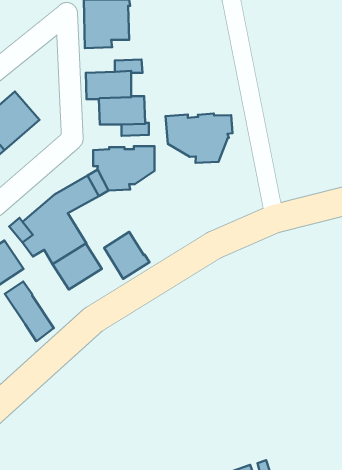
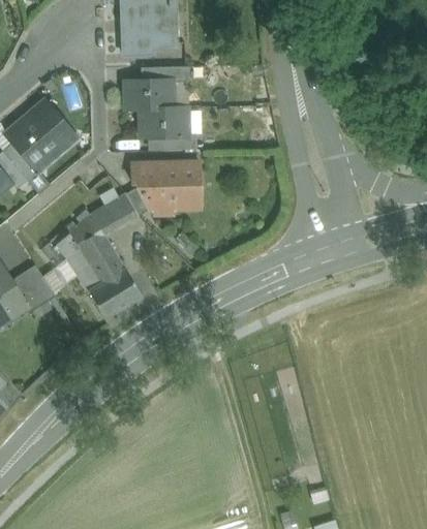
building: [166,114,233,163] -> none
building: [104,232,150,279] -> none
building: [5,281,54,341] -> none

